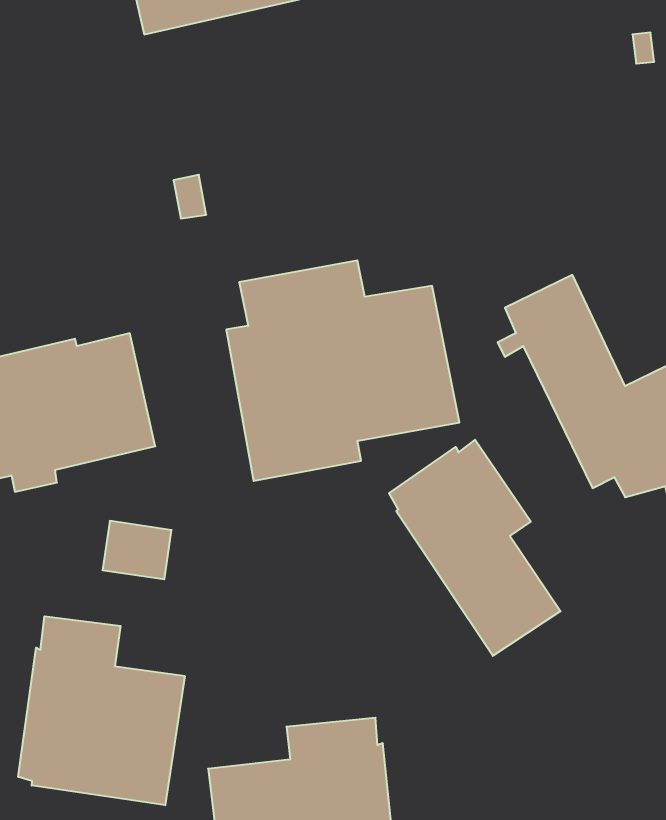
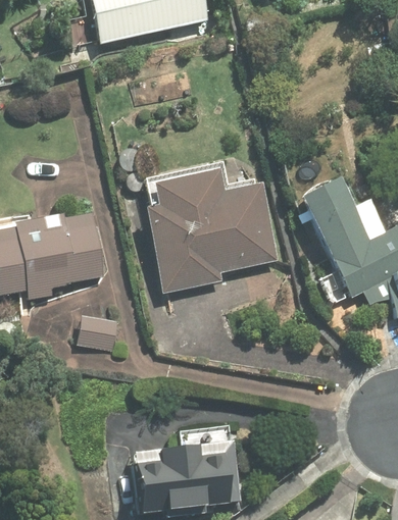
building: [389,440,561,656] -> none
building: [18,616,185,805] -> none

